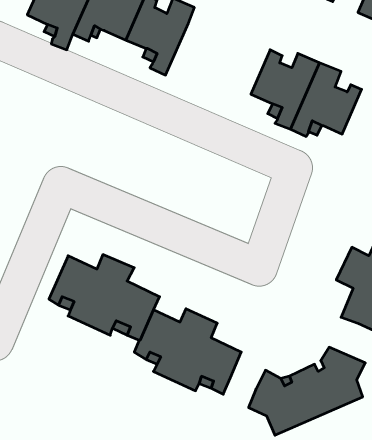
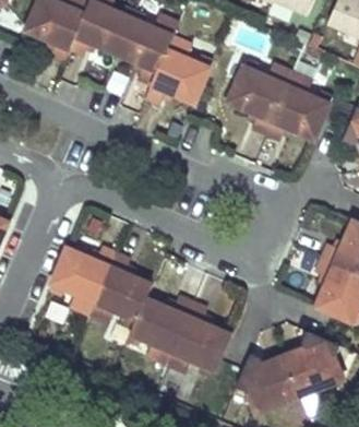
building: none -> [149,37,213,104]

